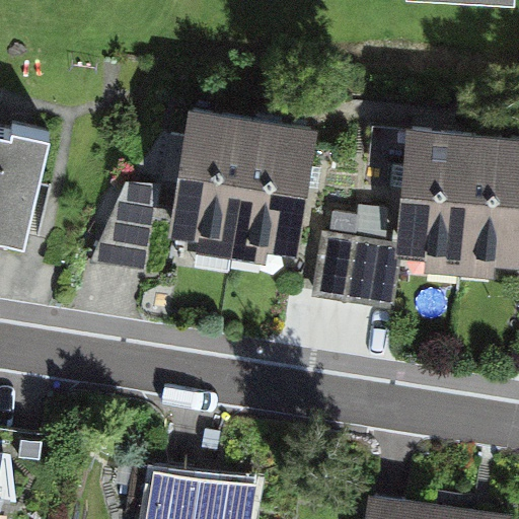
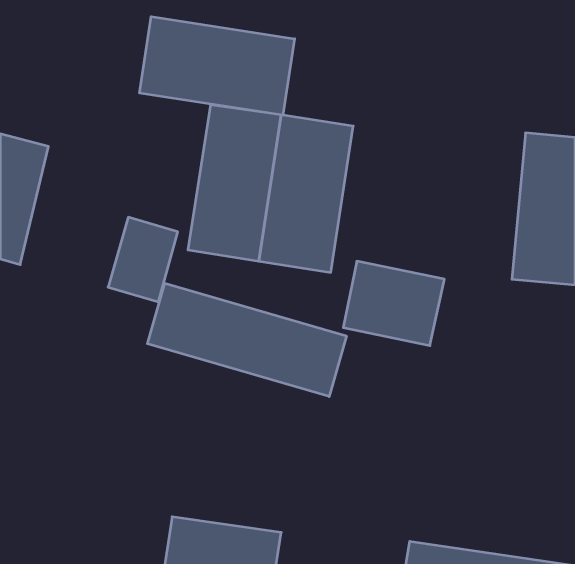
building: none -> [140,17,295,115]
building: [396,124,473,262] -> none
building: none -> [147,283,346,397]

